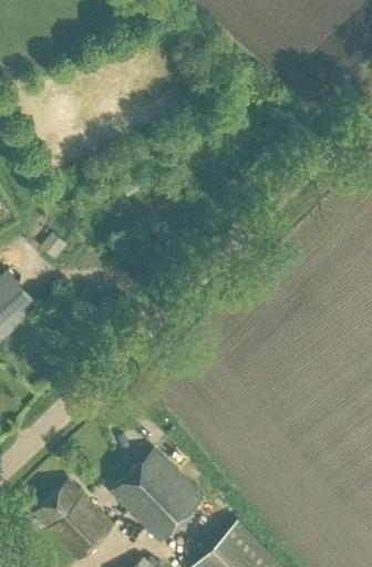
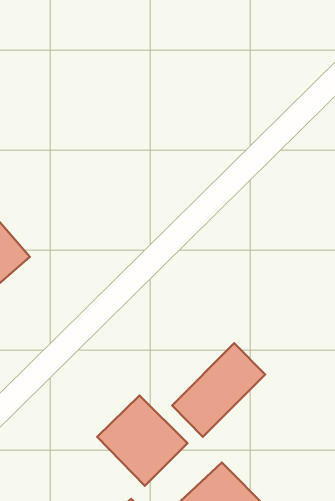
building: none -> [172,343,265,437]
building: [33,475,112,554] -> none

